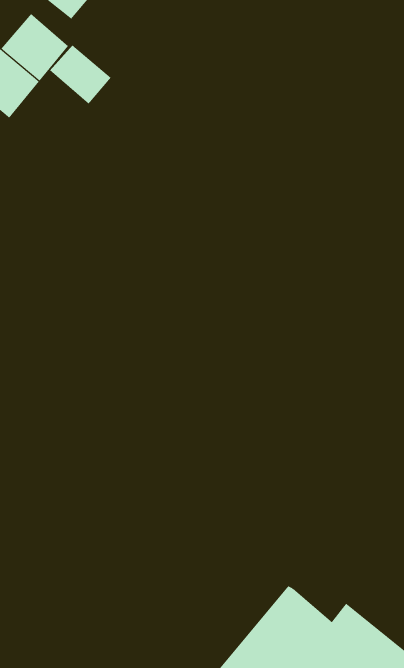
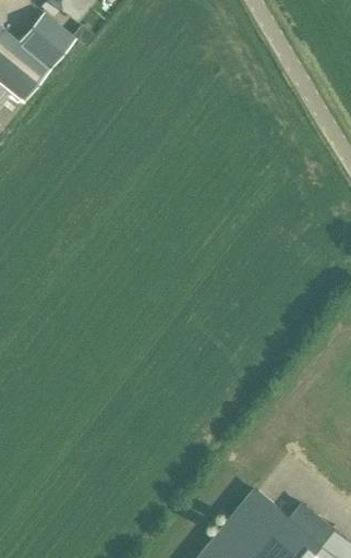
building: [49,44,112,105] -> none

